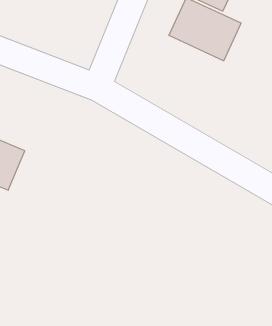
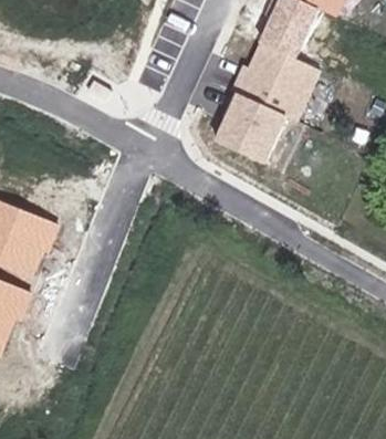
building: none -> [213,94,288,167]

